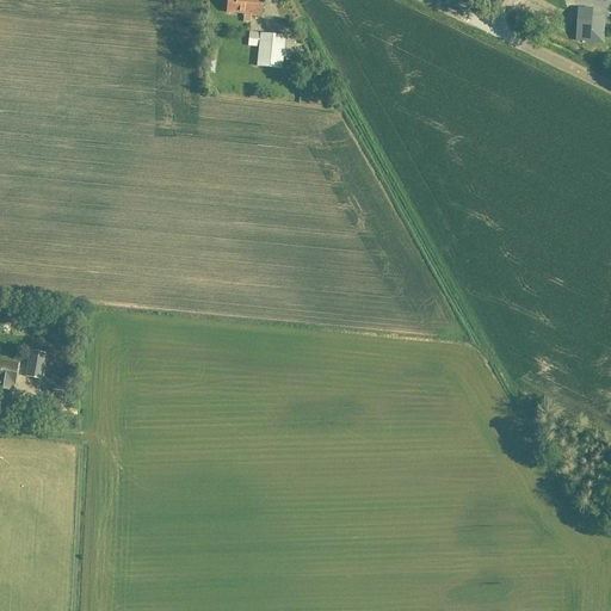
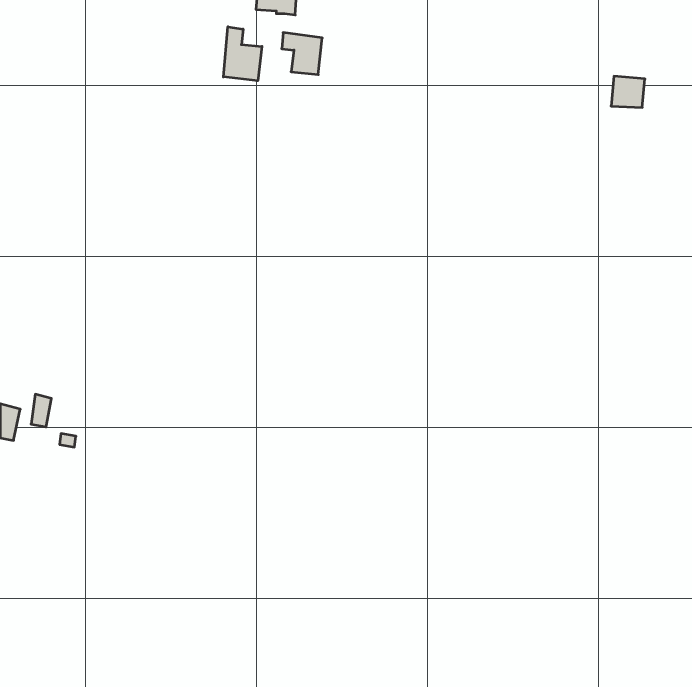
building: [575,12,605,39] -> [611,76,645,107]
building: none -> [223,27,262,81]

